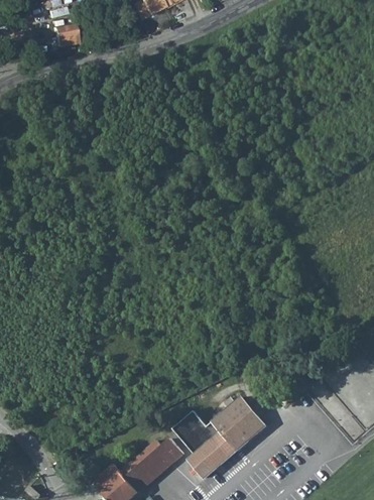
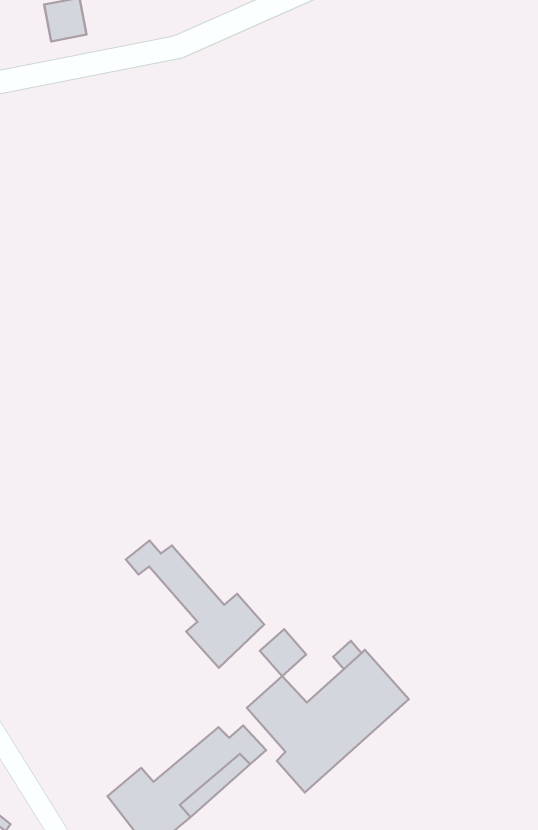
building: none -> [126,540,264,668]
building: none -> [260,629,306,676]

